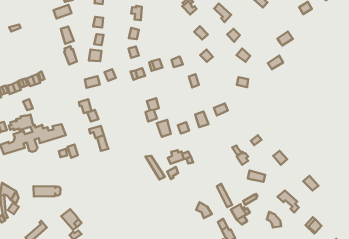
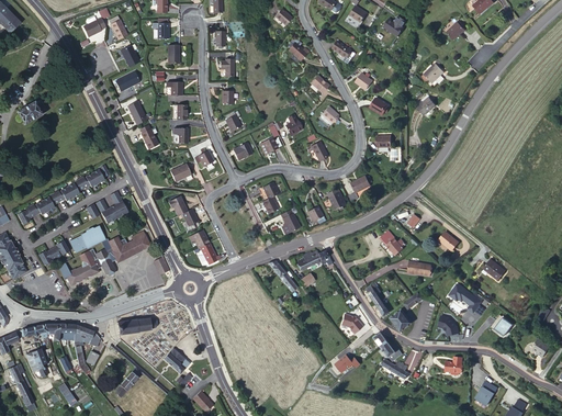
building: none -> [99,190,131,223]

